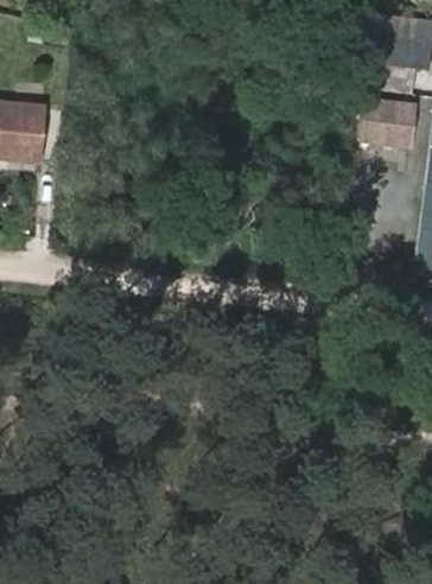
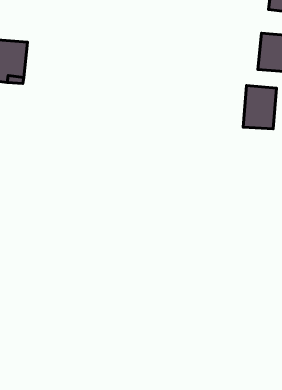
building: none -> [243,85,276,129]

